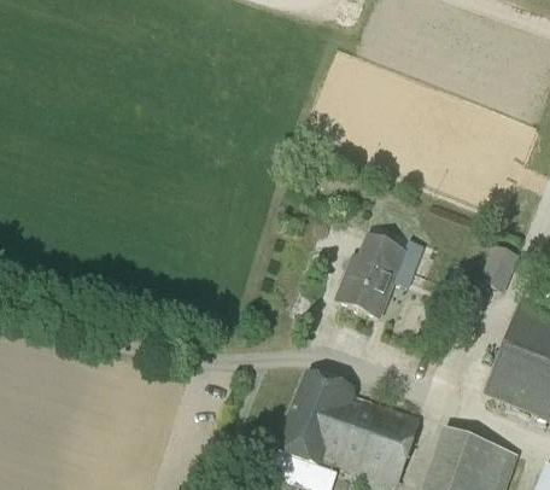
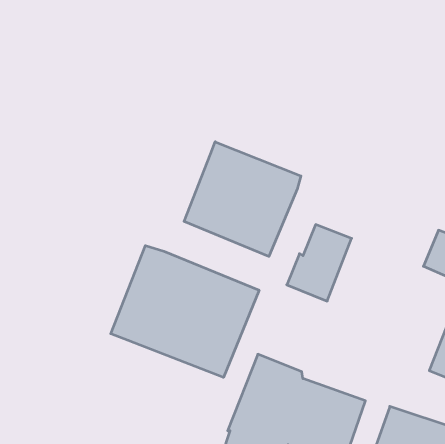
building: none -> [184,142,301,256]
building: none -> [111,246,259,377]

